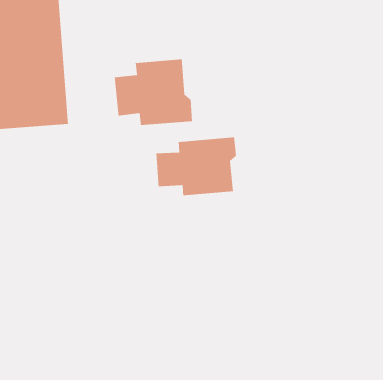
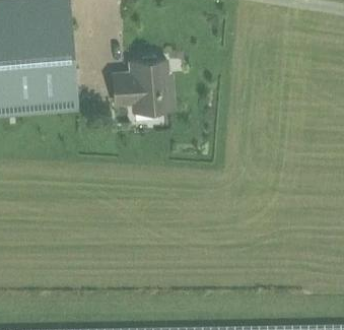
building: [156,136,237,196] -> none

